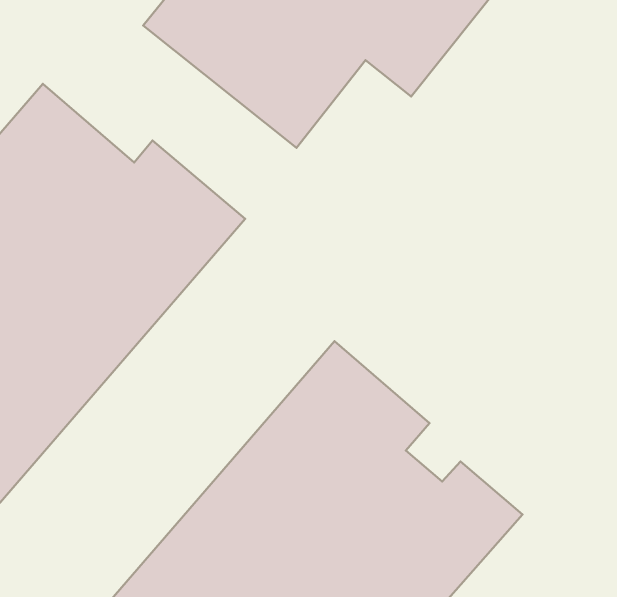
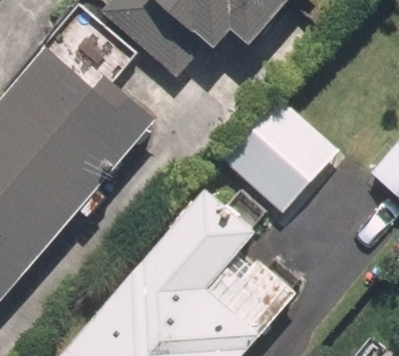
building: none -> [221,92,341,213]

